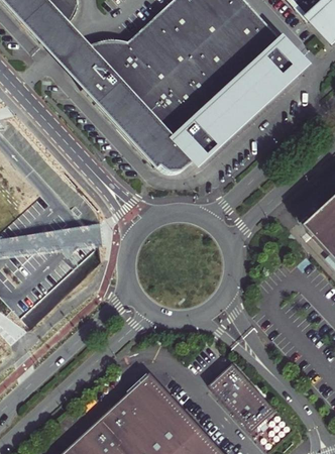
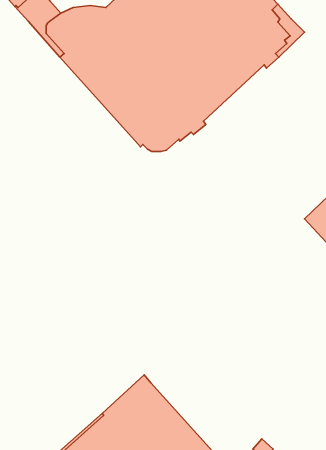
building: [212,364,277,432] -> none

